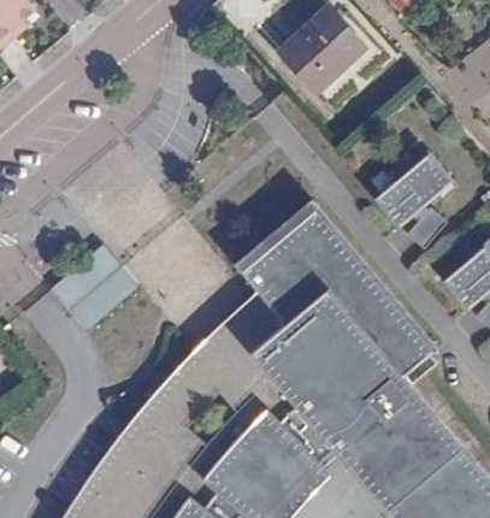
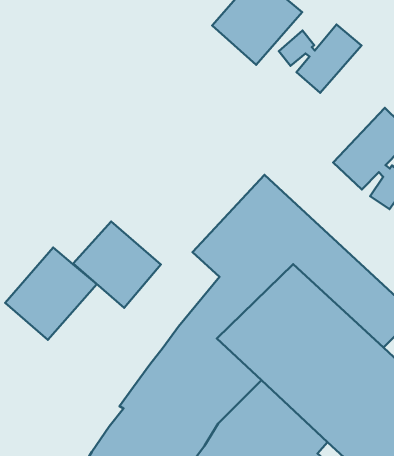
building: none -> [279,25,361,93]
building: none -> [73,221,161,308]

